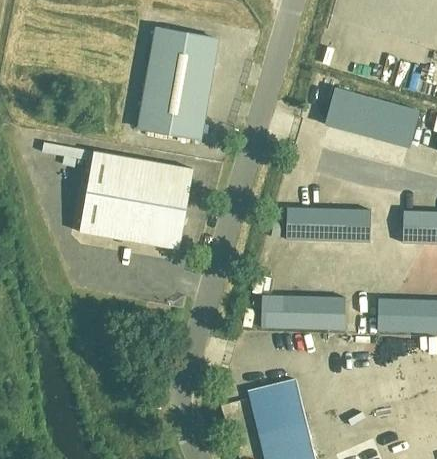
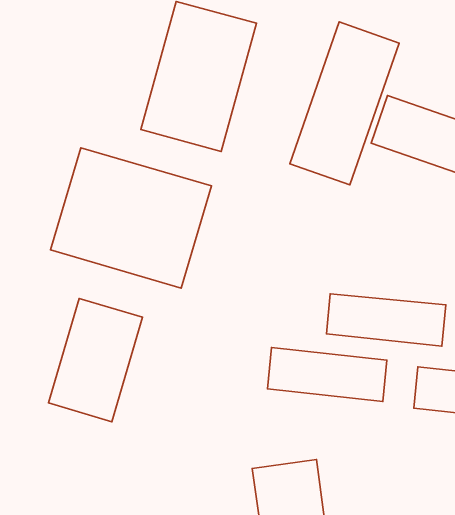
building: none -> [290,22,399,185]
building: [282,207,374,240] -> [326,294,446,346]
building: none -> [49,298,142,422]

